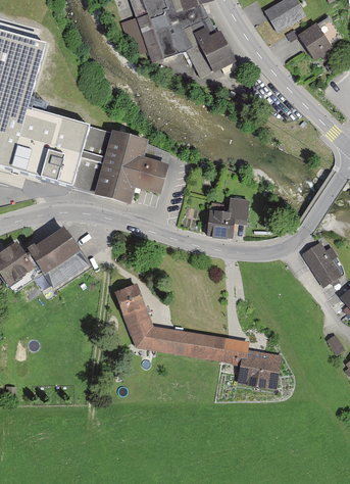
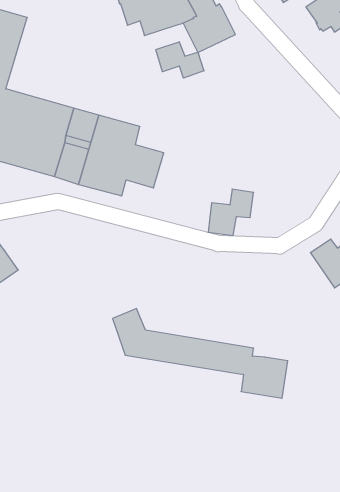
building: none -> [156,42,204,78]
building: [27,230,88,291] -> none
building: [114,284,145,314] -> none

